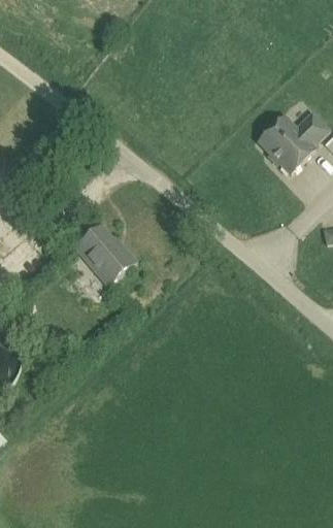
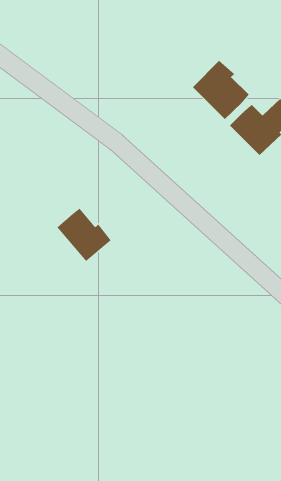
building: none -> [192,60,250,120]

